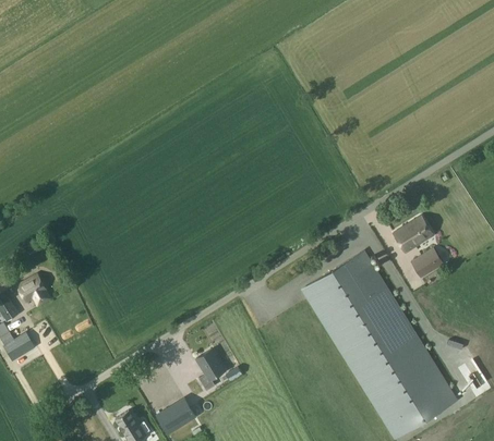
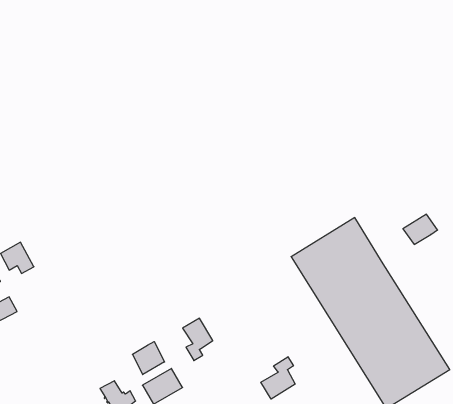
building: [394,217,434,254] -> none
building: none -> [132,342,165,375]
building: none -> [261,357,295,399]

